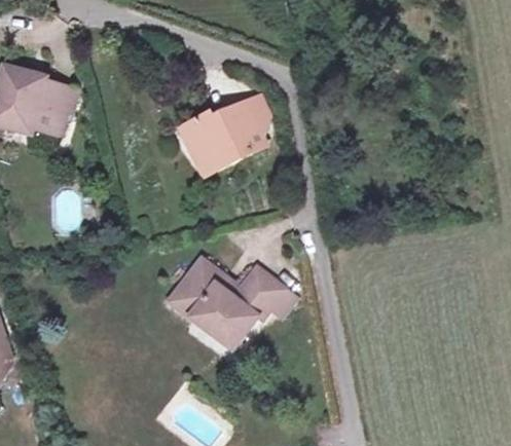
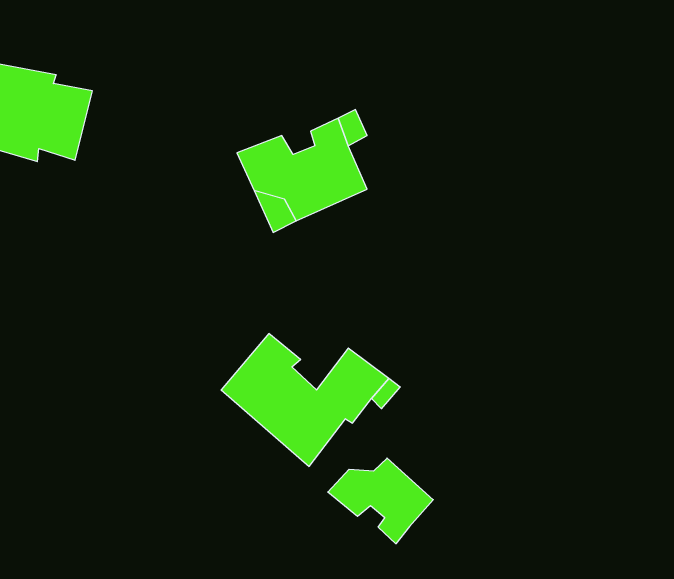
building: none -> [328,458,433,544]

